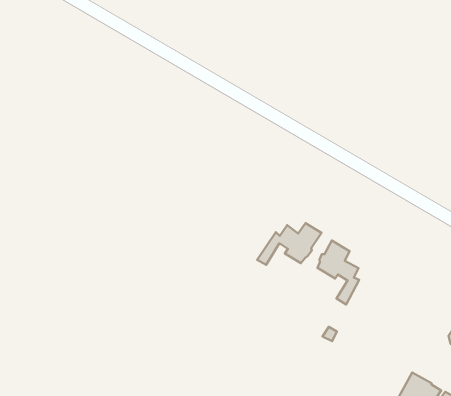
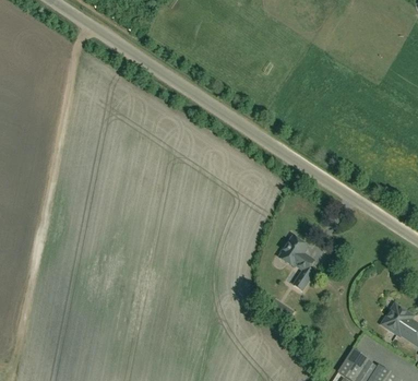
building: [257,223,322,265] -> none

